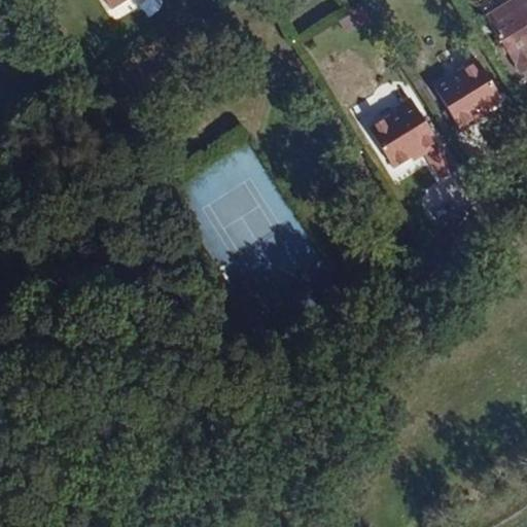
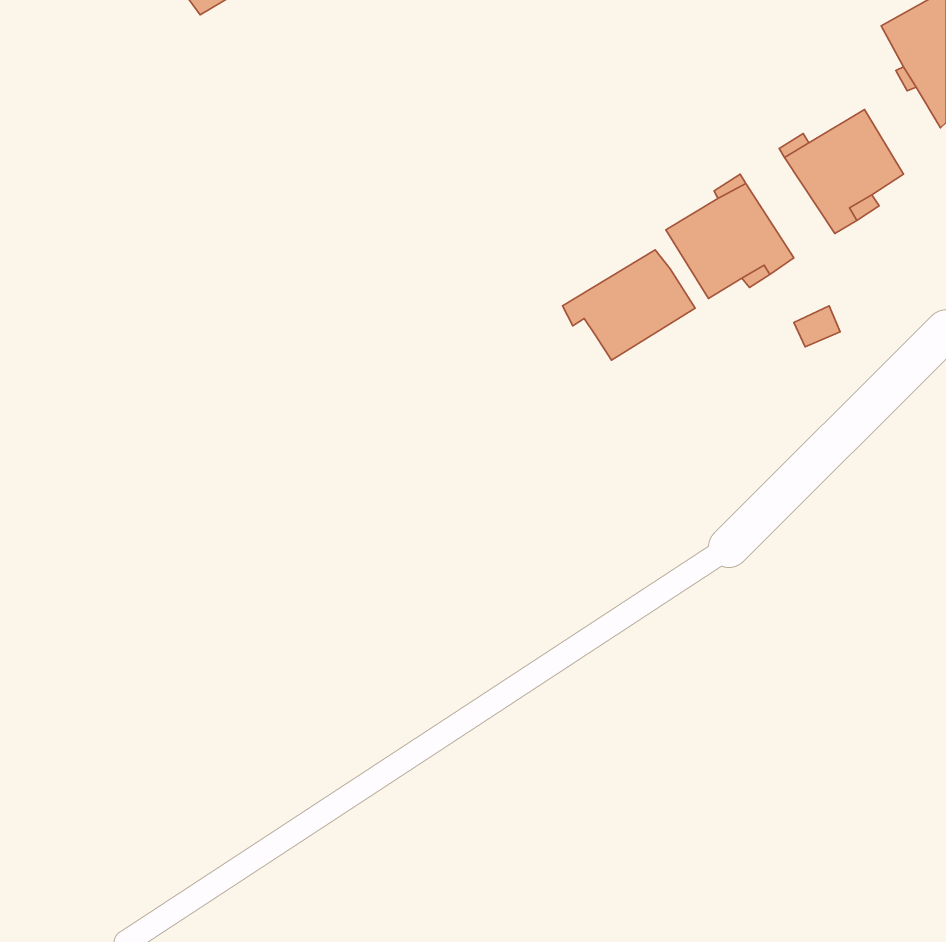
building: none -> [563,250,695,360]

